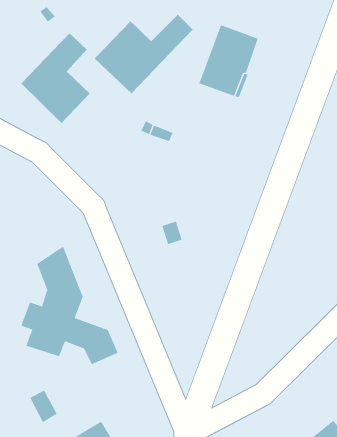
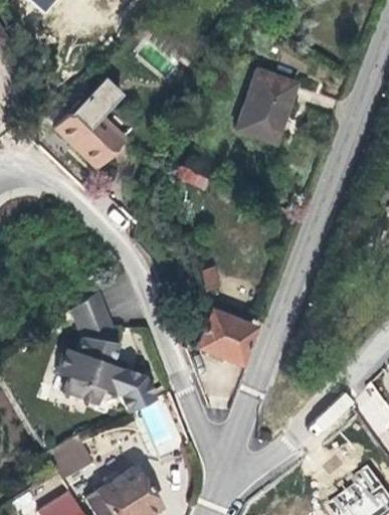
building: [94,14,194,94] -> none
building: none -> [195,296,253,364]

